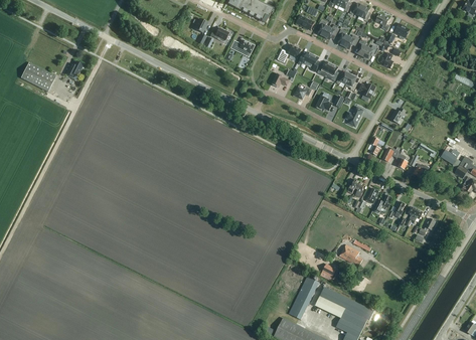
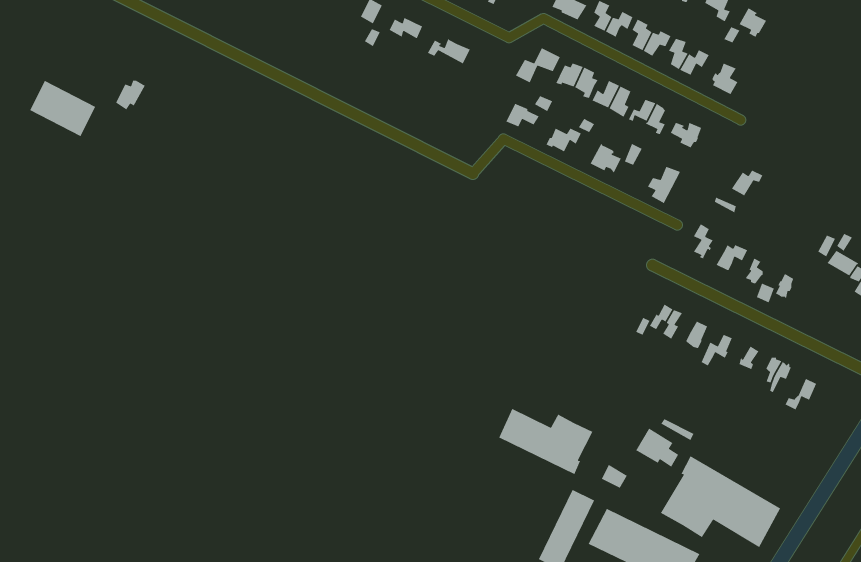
building: none -> [498,408,593,475]
building: none -> [660,455,781,548]

